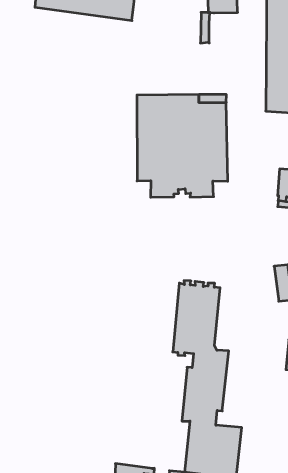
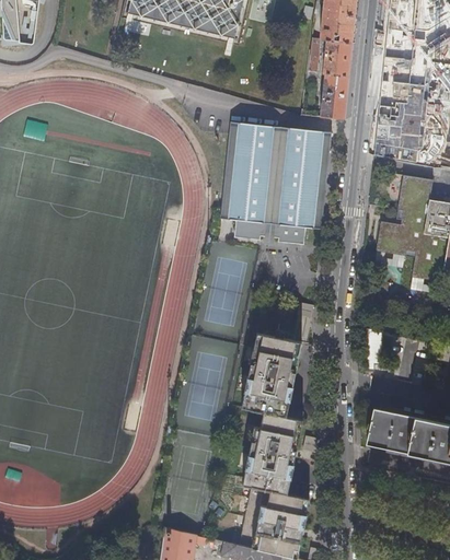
building: none -> [320,39,353,118]

